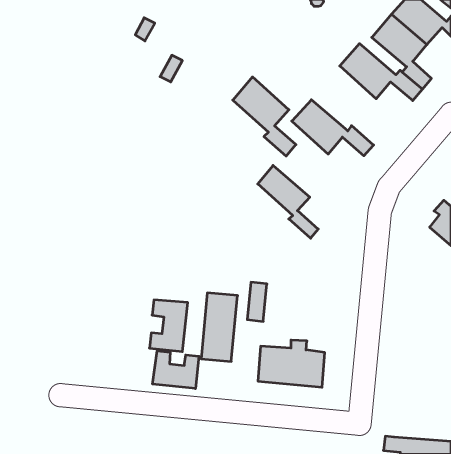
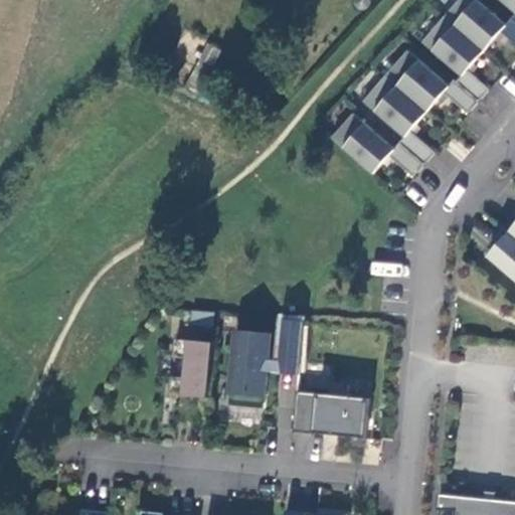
building: [233,77,296,156] -> [362,74,434,164]
building: [258,165,318,238] -> none
building: [153,351,199,389] -> none

